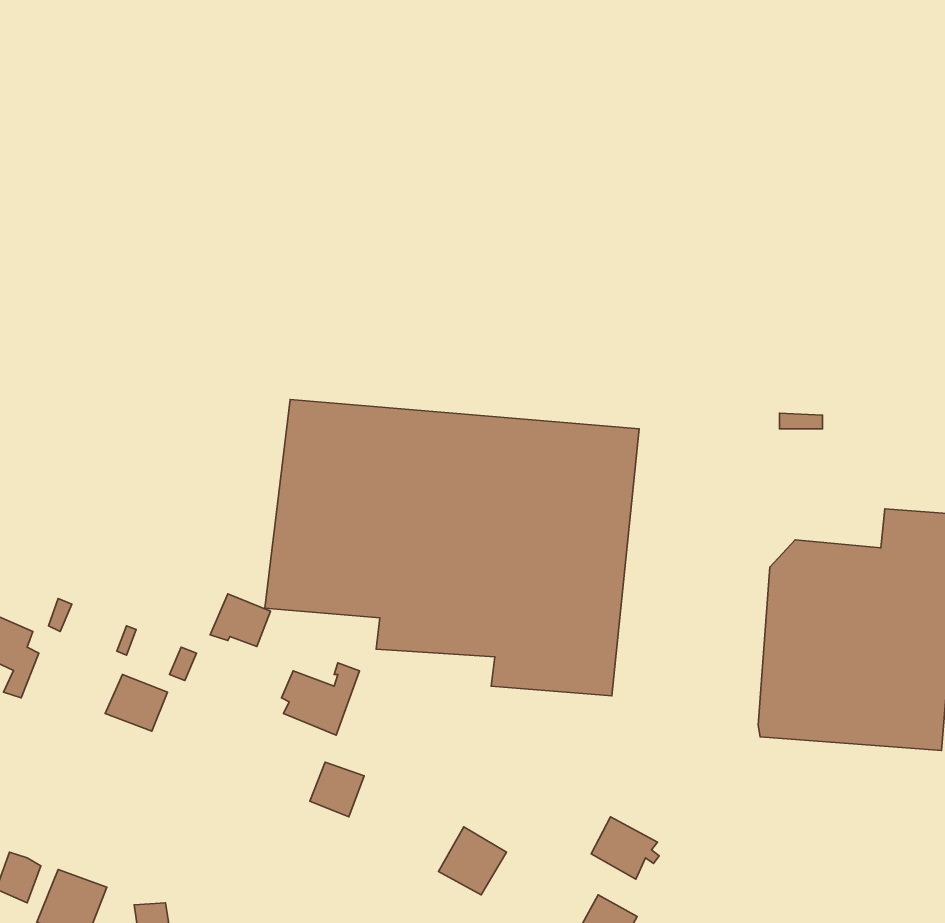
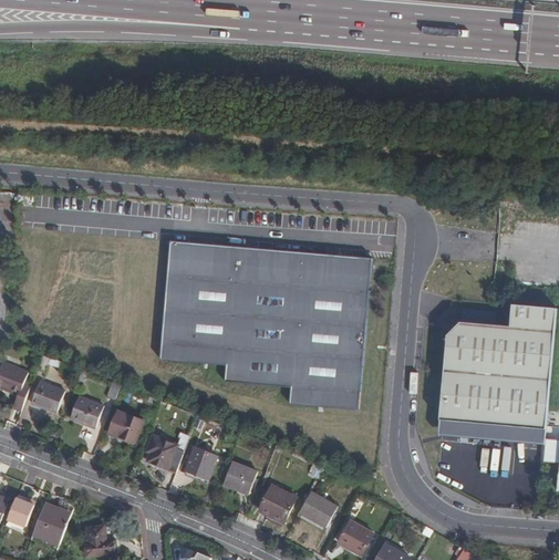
building: [210,594,271,646] -> [107,409,142,439]
building: none -> [31,381,63,412]
building: [281,663,359,735] -> [145,431,189,471]
building: none -> [221,462,255,492]
building: [591,817,659,879] -> [298,491,337,527]

